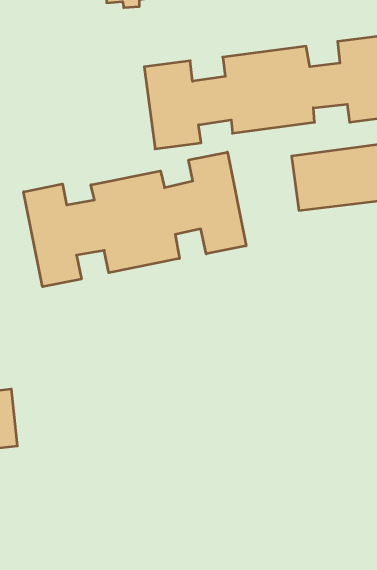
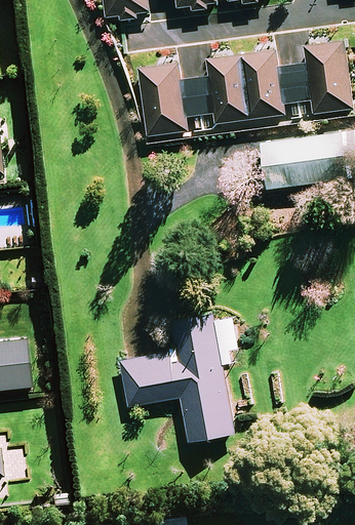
building: [24,152,246,287] -> none
building: none -> [121,314,236,441]

